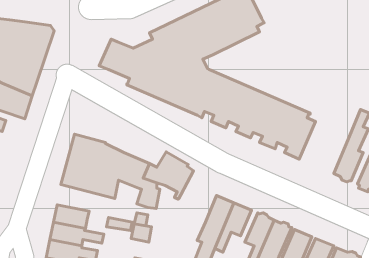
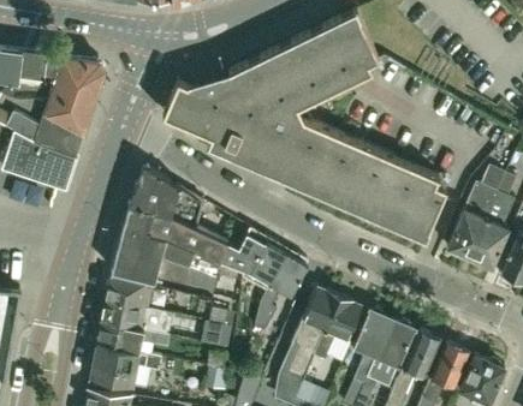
building: none -> [129,166,202,231]
building: none -> [446,167,504,258]
building: none -> [252,255,307,333]
building: none -> [106,277,151,308]

